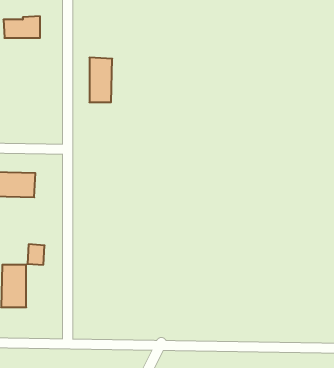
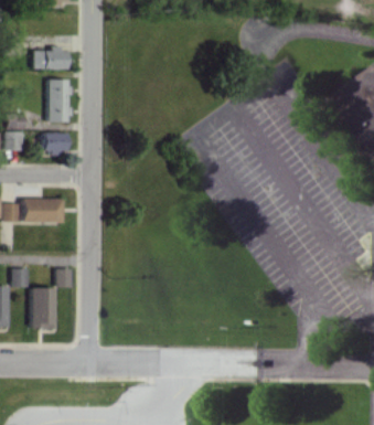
building: [89,58,112,102] -> [47,79,70,123]
building: none -> [43,134,67,152]

